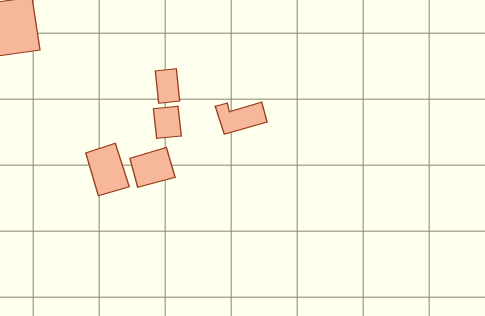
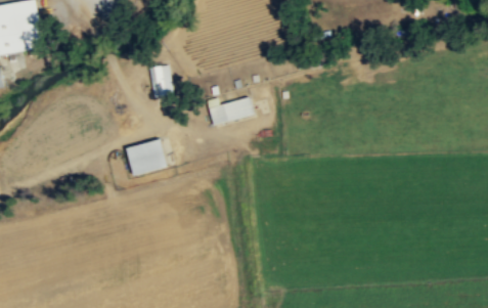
building: [154,106,181,139] -> none
building: [86,143,129,196] -> none

